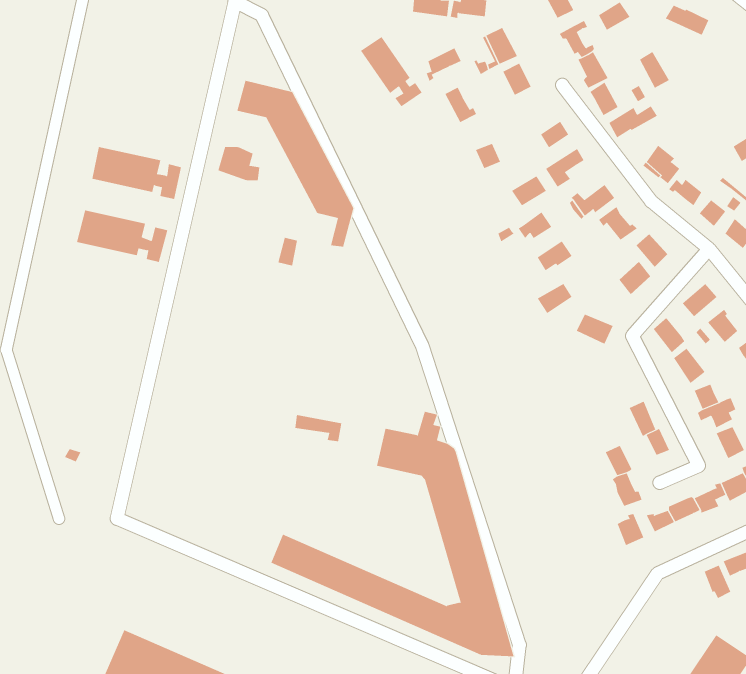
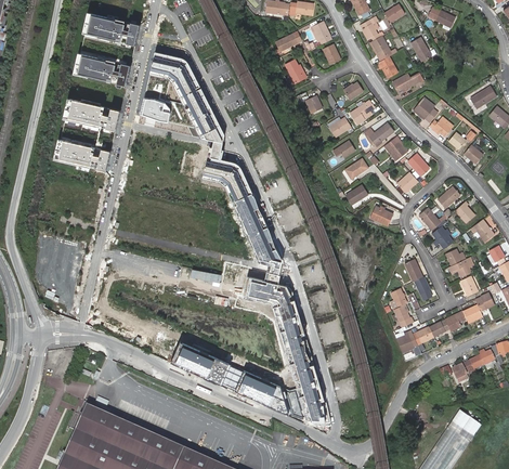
building: none -> [82,12,141,50]
building: [360,36,422,107] -> none
building: none -> [74,53,132,87]
building: none -> [208,160,285,269]

